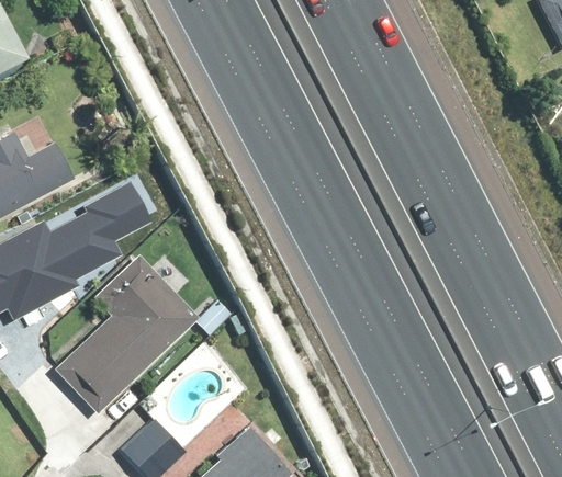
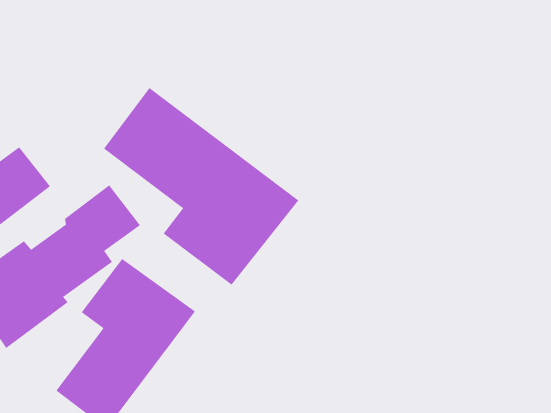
building: none -> [103,87,299,286]

